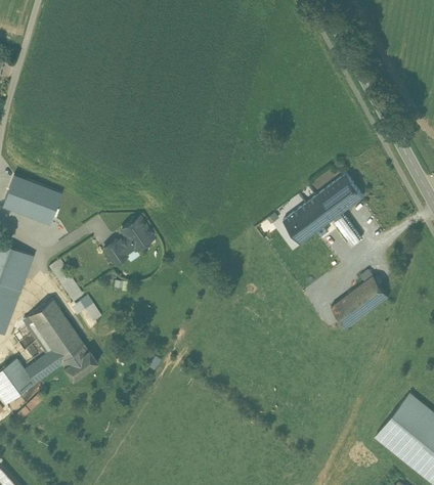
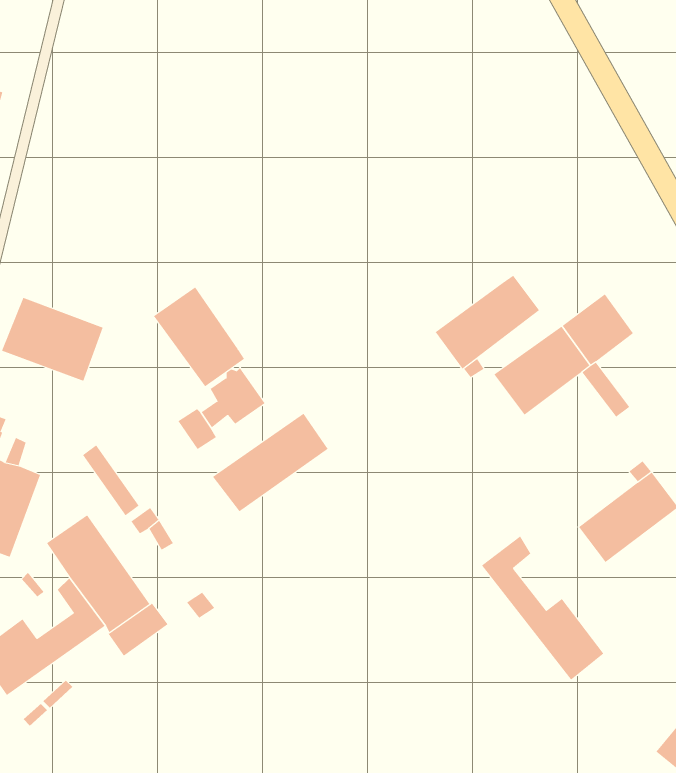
building: none -> [435,275,540,369]
building: none -> [153,287,245,387]
building: none -> [212,413,329,512]
building: none -> [481,536,604,681]

